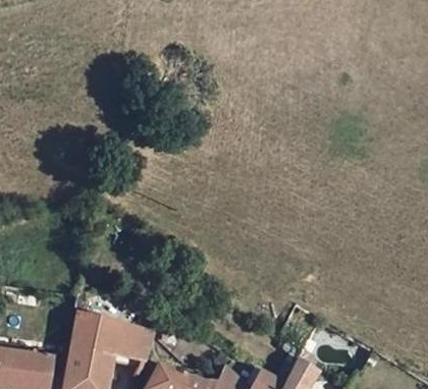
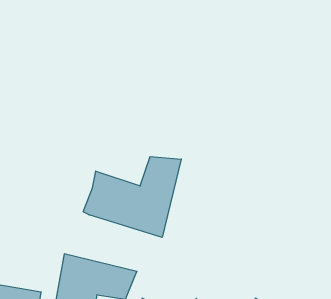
building: none -> [83,157,181,237]

